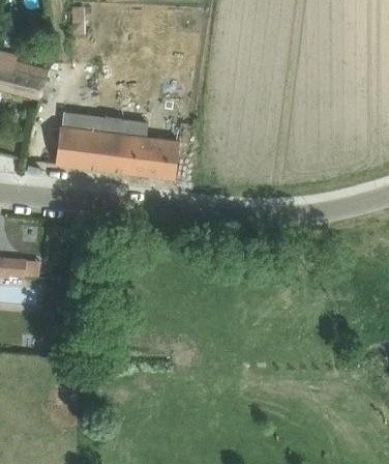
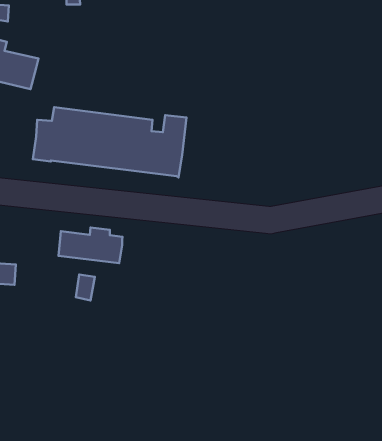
building: none -> [58,228,122,263]

